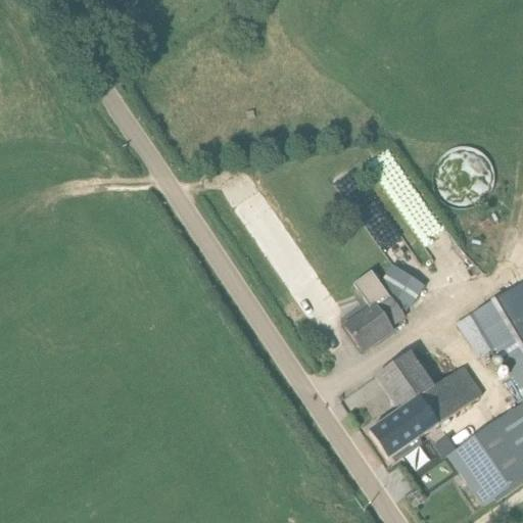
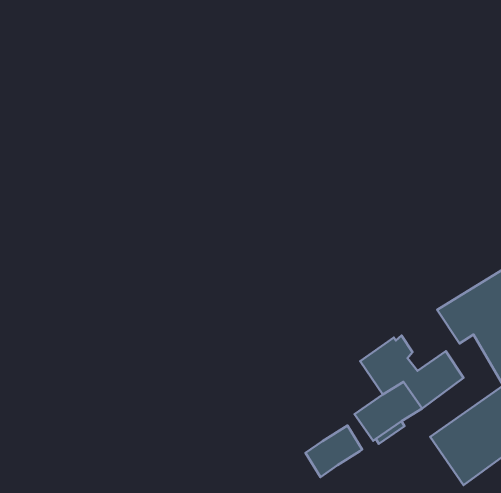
building: [345,262,425,349] -> none
building: none -> [306,425,362,477]

